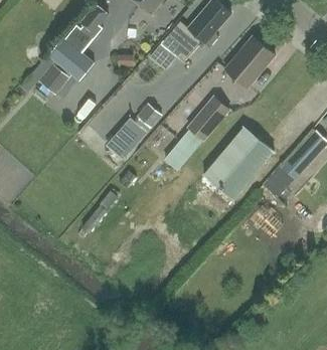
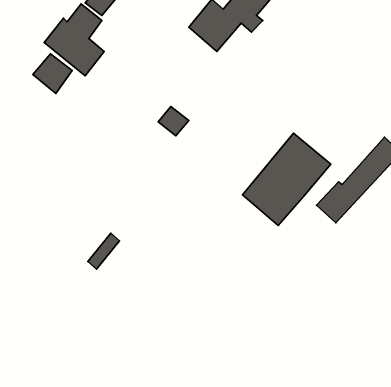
building: [224,36,274,88] -> none
building: [163,96,229,170] -> none
building: [107,114,148,157] -> none

